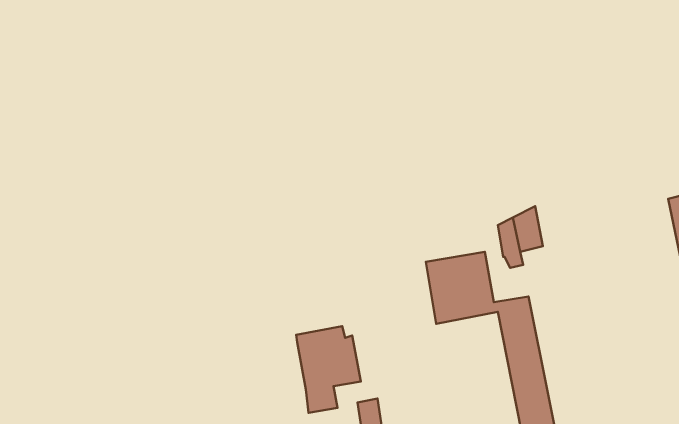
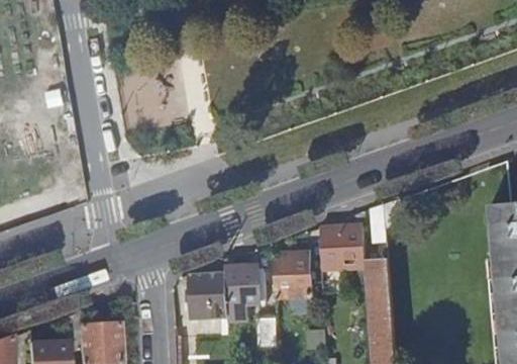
building: none -> [272,252,314,296]
building: none -> [190,271,226,315]

